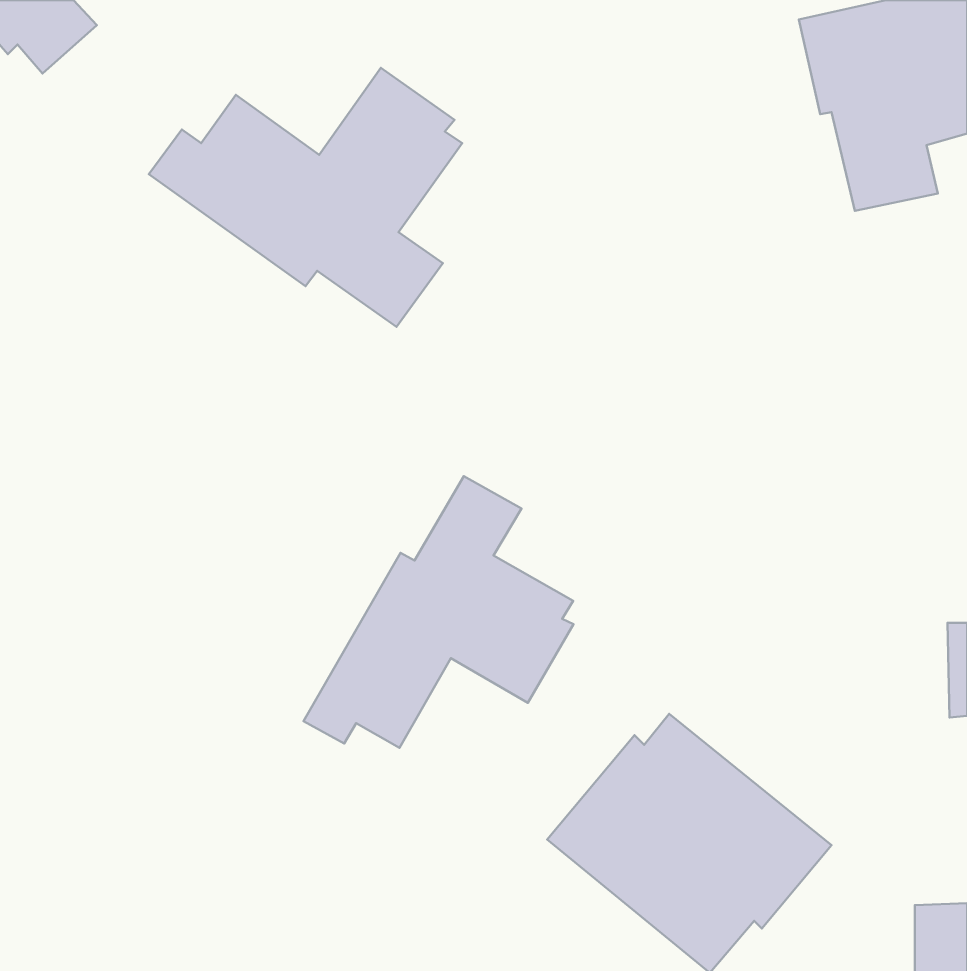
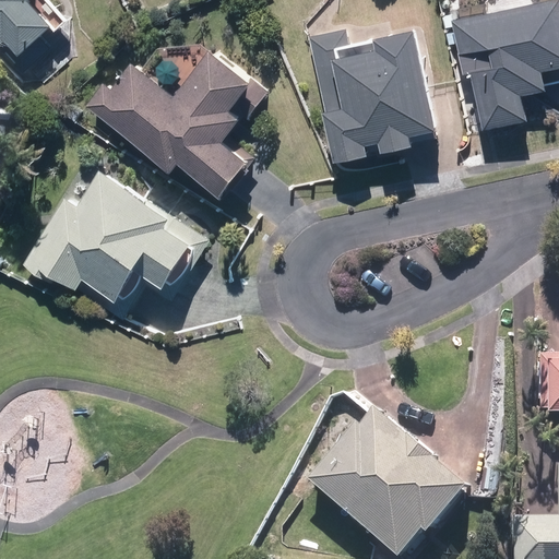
building: none -> [306,33,437,159]
building: none -> [24,173,192,301]
building: [304,476,574,748] -> none

